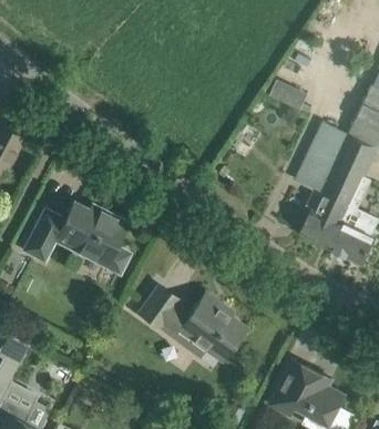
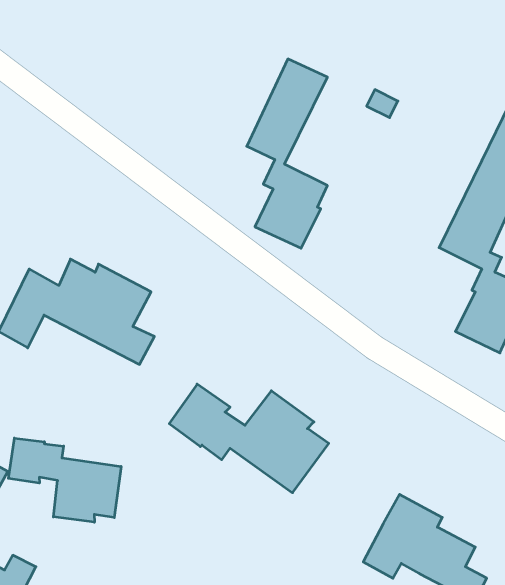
building: [296,124,350,252] -> [247,59,327,248]
building: none -> [8,438,121,522]

